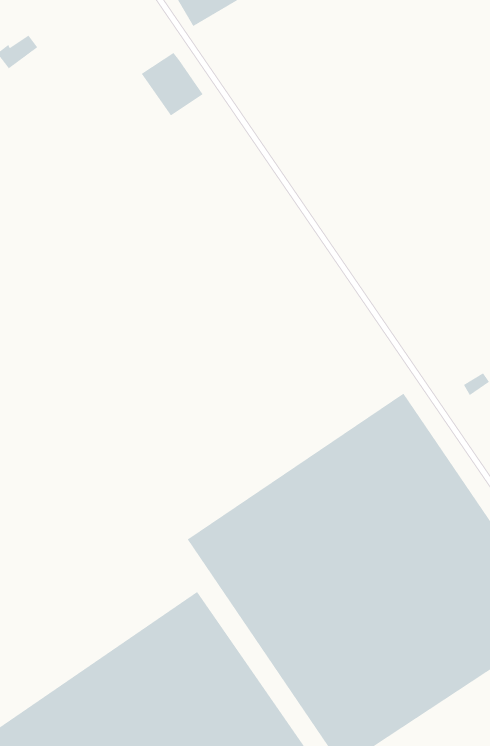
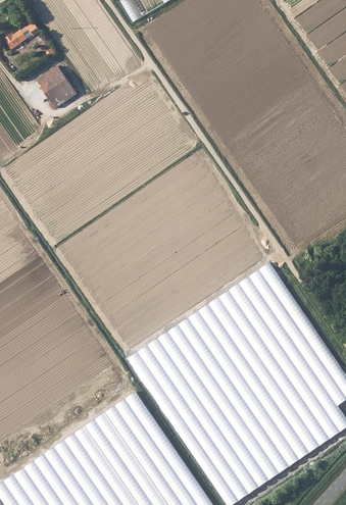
building: [141,52,203,116] -> [35,66,76,108]

